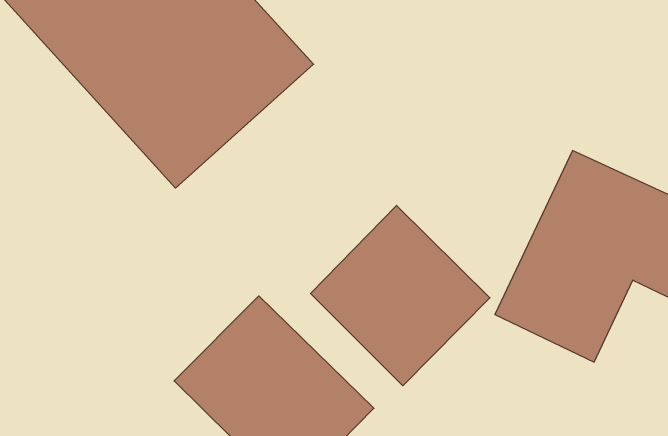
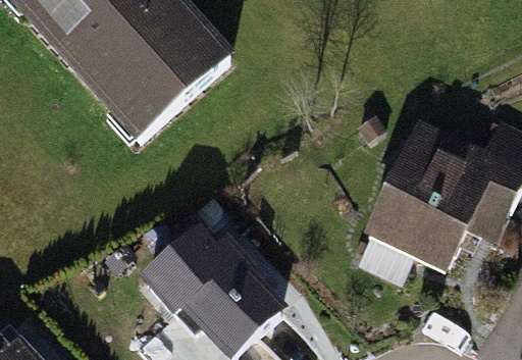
building: [311,205,490,386] -> none

